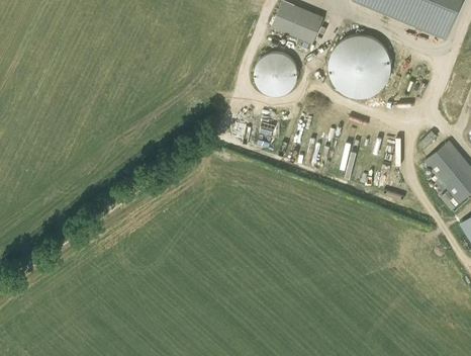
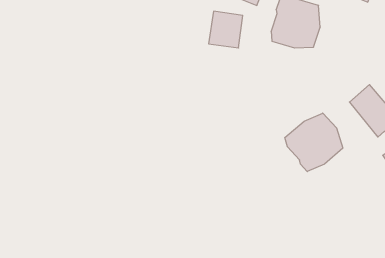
building: none -> [285,113,343,172]

